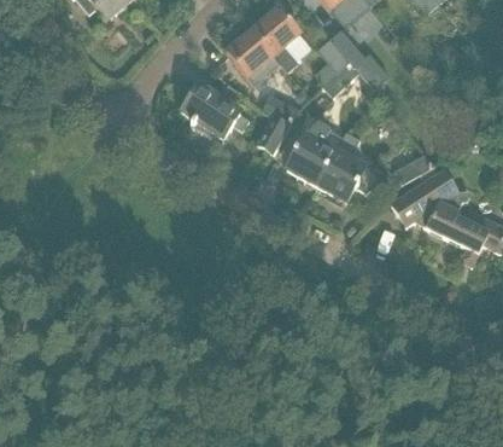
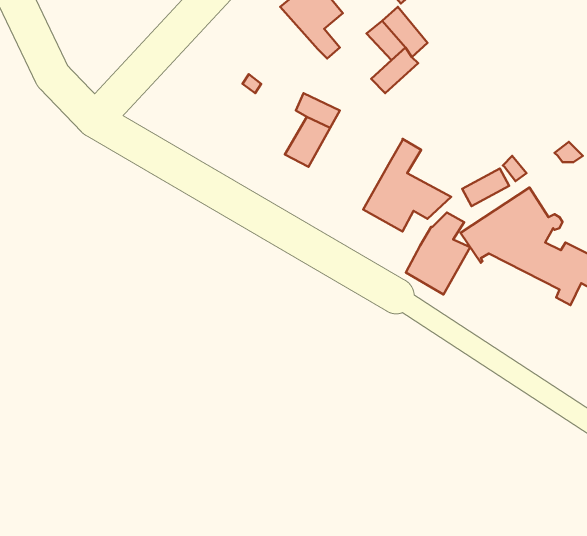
building: [227,29,281,85] -> none
building: [181,82,250,139] -> none
building: [287,122,337,185] -> [406,213,470,294]

